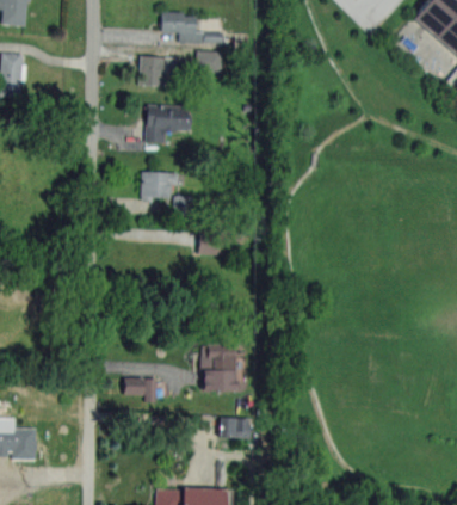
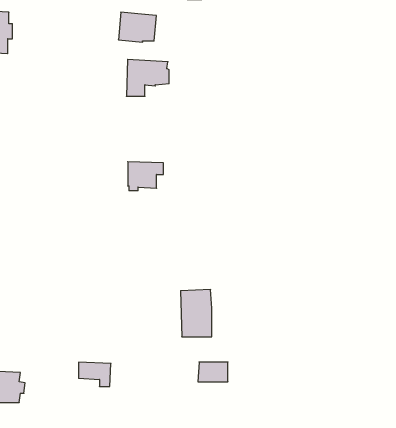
building: [197,50,223,74] -> none
building: [141,171,178,201] -> [128,162,163,191]
building: [124,377,158,402] -> [79,362,111,386]

